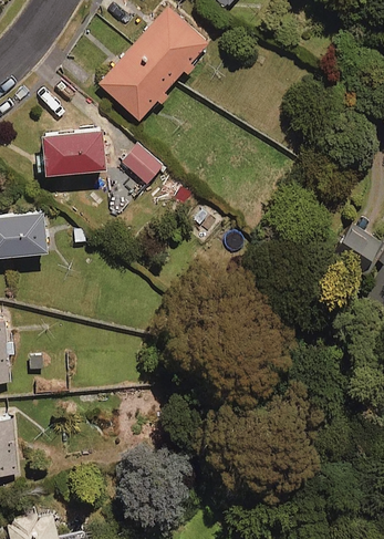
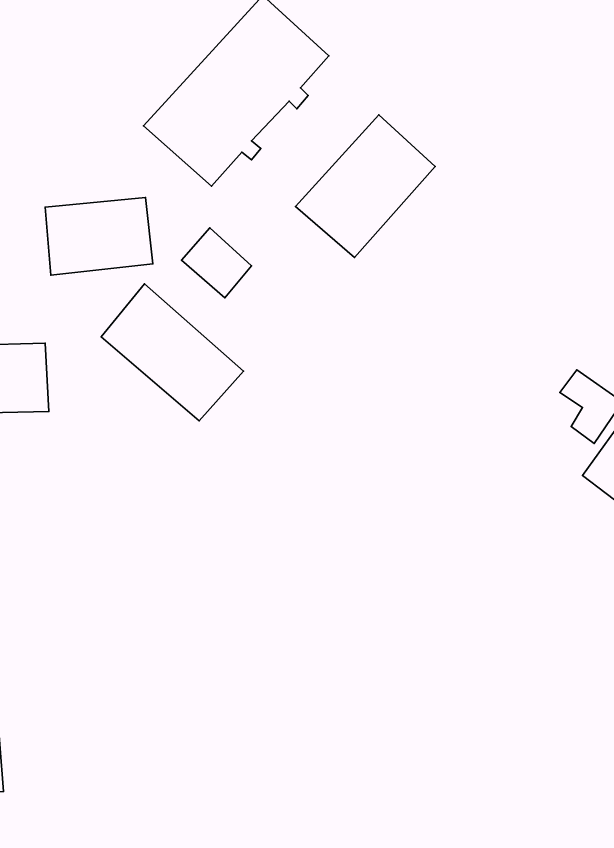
building: none -> [295,115,435,257]
building: none -> [101,284,243,421]

